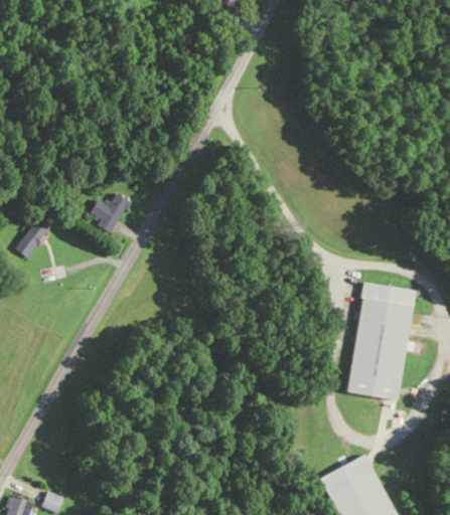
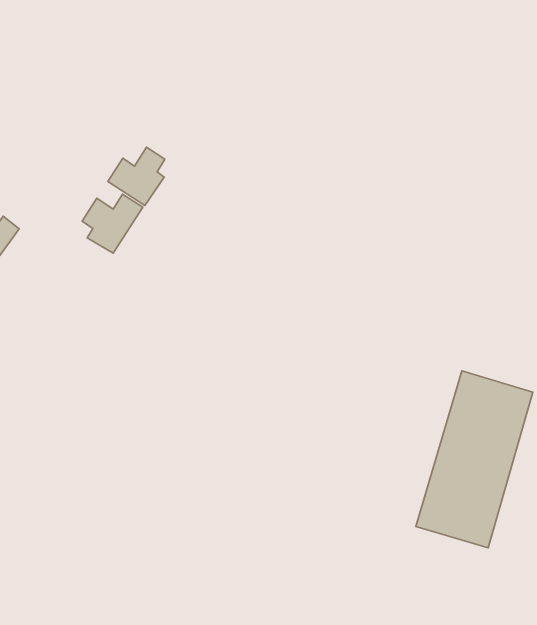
building: none -> [108,147,165,205]

